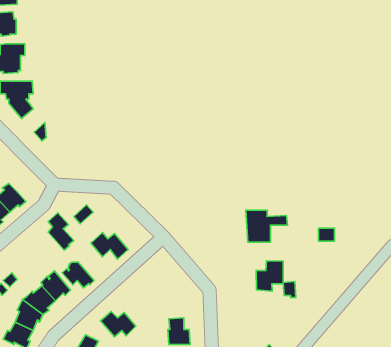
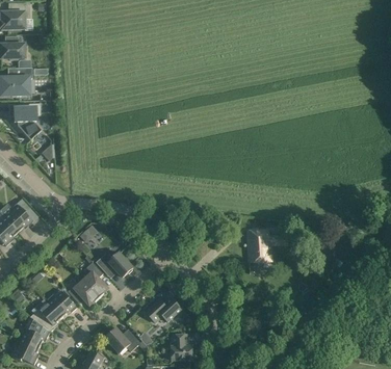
building: [48,213,74,250] -> [84,261,109,297]
building: [256,261,283,291] -> none
building: none -> [146,297,182,322]

